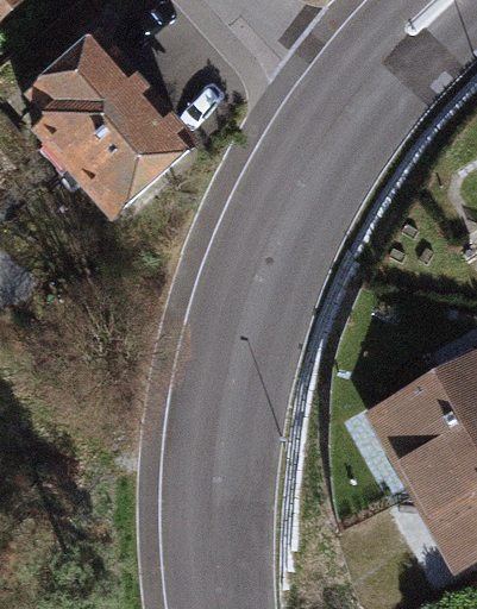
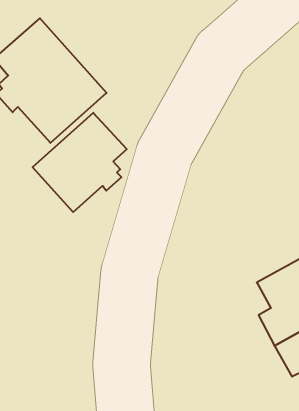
building: none -> [33,113,127,212]

